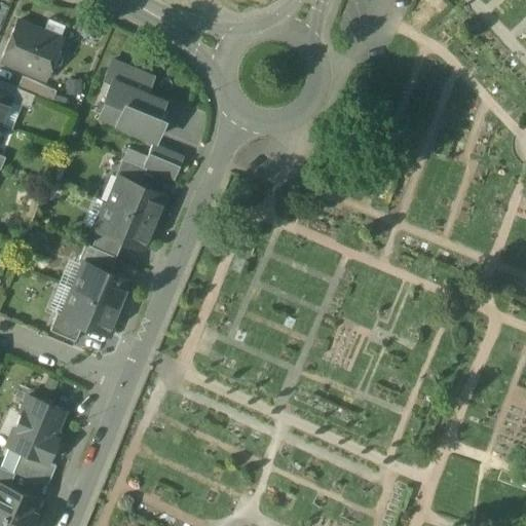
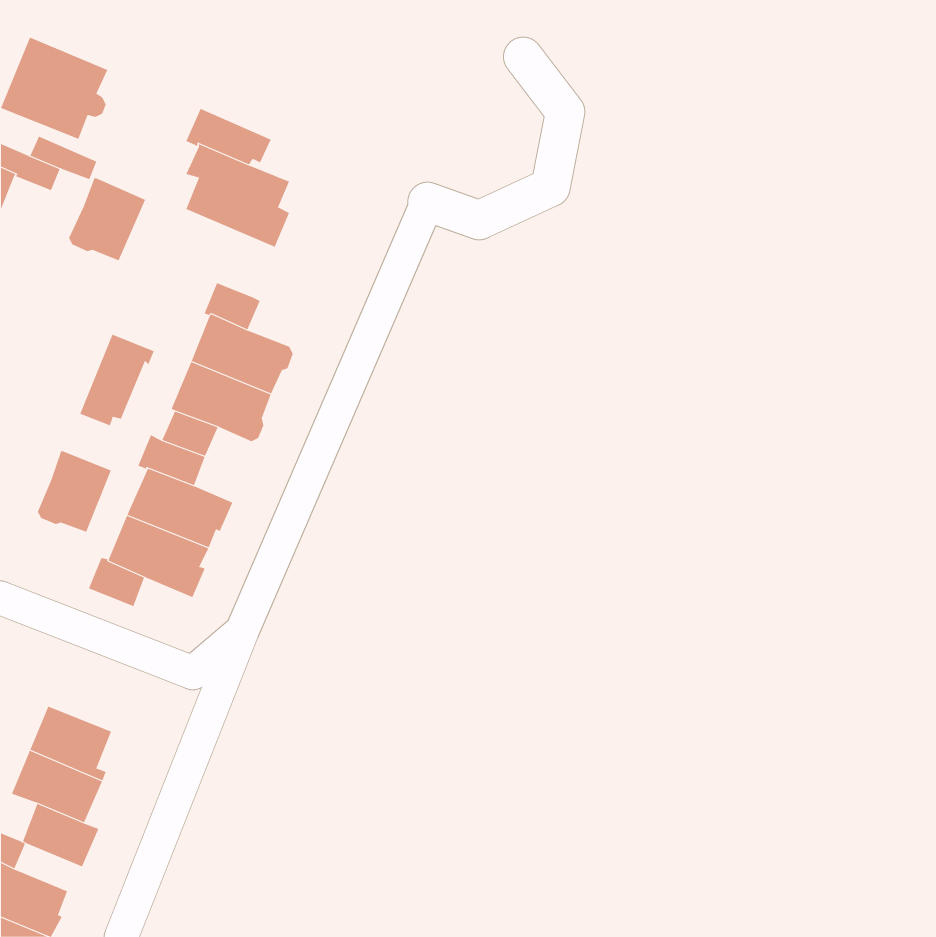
building: none -> [68,177,146,261]
building: [143,144,183,180] -> none
building: none -> [79,334,154,426]
building: none -> [37,451,112,532]

